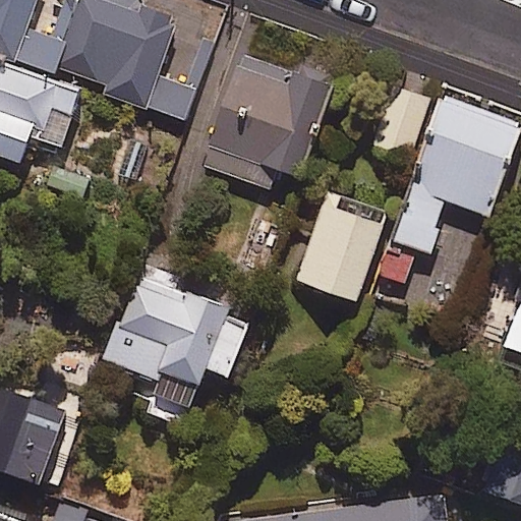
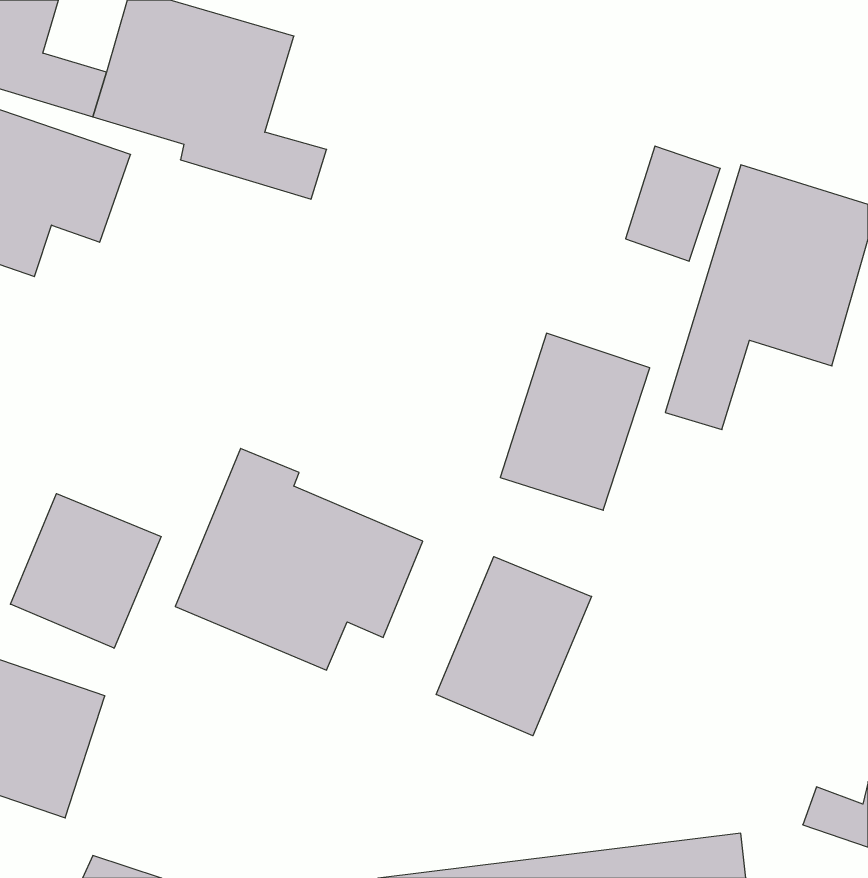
building: [202,57,331,189] -> none
building: none -> [10,494,161,648]
building: none -> [436,557,592,736]

